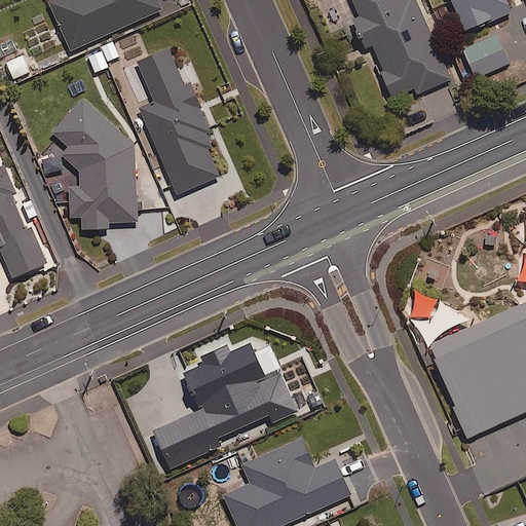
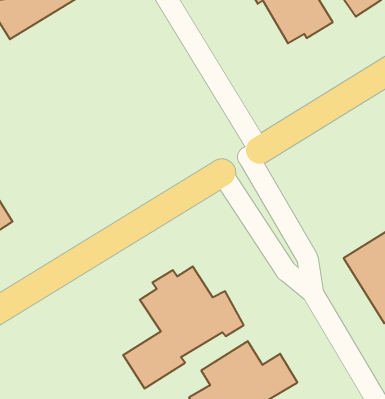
building: [137,46,219,193] -> none
building: [53,97,138,227] -> none

